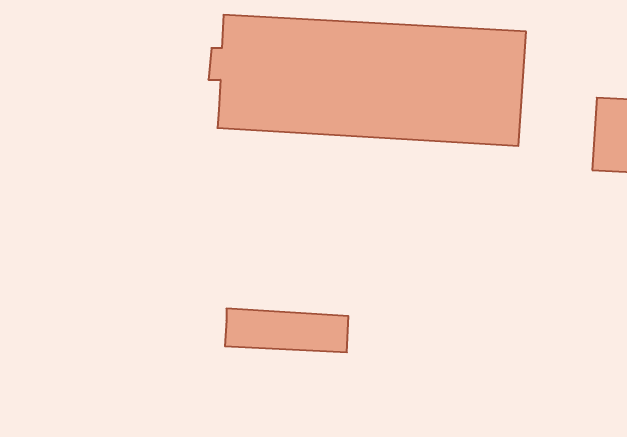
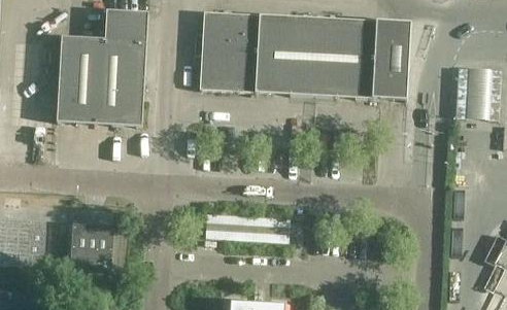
building: none -> [57,10,148,127]
building: none -> [71,226,112,271]

